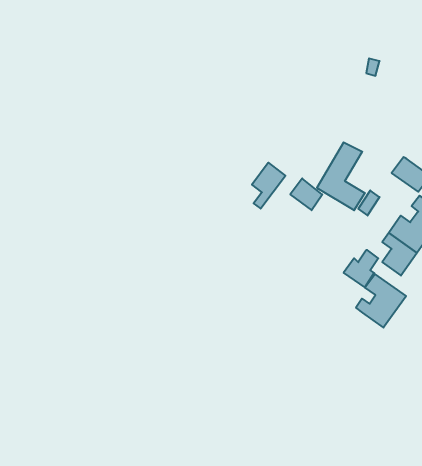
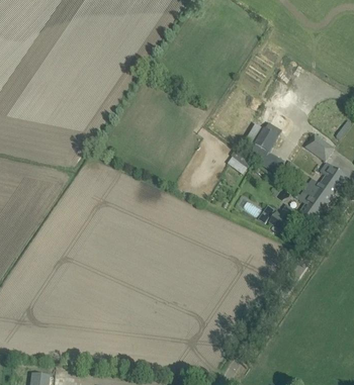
building: [252,163,285,209] -> none
building: [356,274,406,328] -> none

